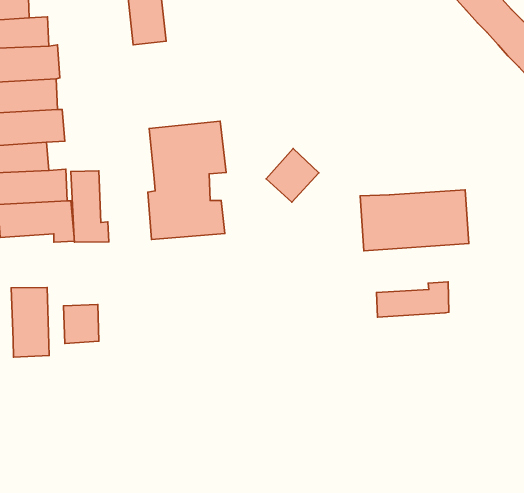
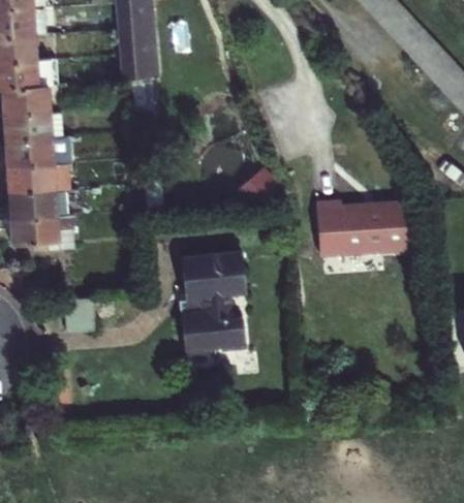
building: [148,121,226,240] -> [178,252,244,352]
building: [71,171,109,242] -> none
building: [377,282,449,317] -> none
building: [11,287,49,357] -> none

